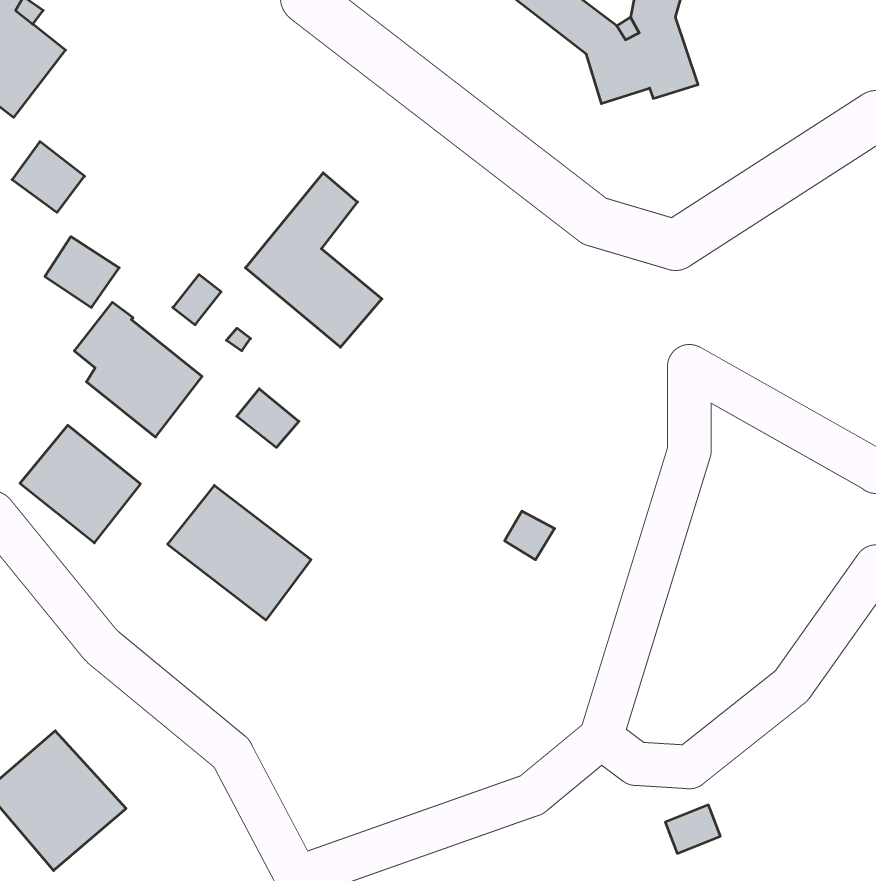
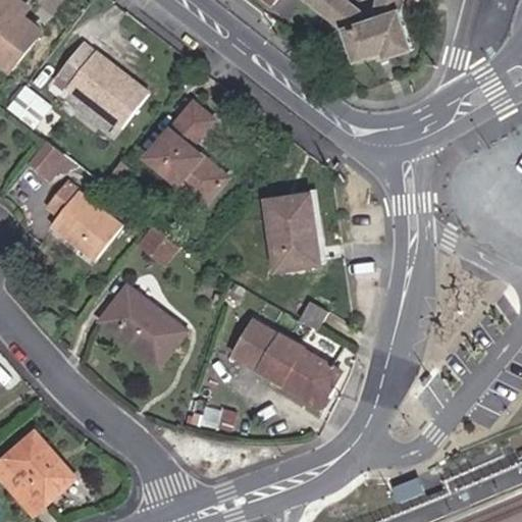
building: none -> [46,43,146,128]
building: none -> [265,193,320,270]
building: [20,425,140,543] -> none
building: none -> [232,318,341,407]

